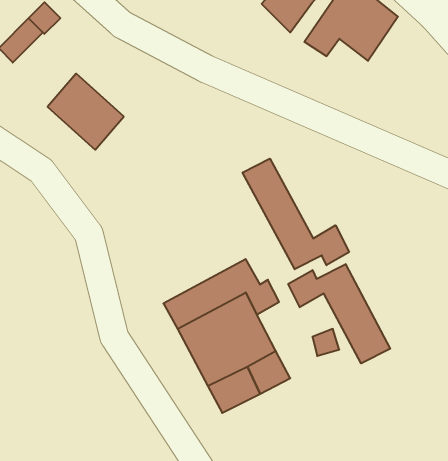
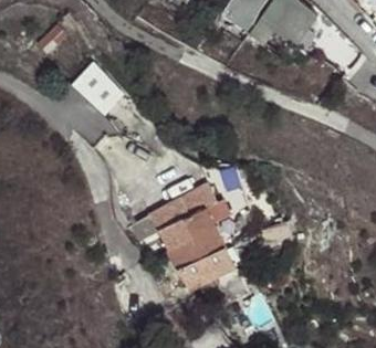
building: [243,159,349,269] -> none
building: [288,264,390,363] -> none

